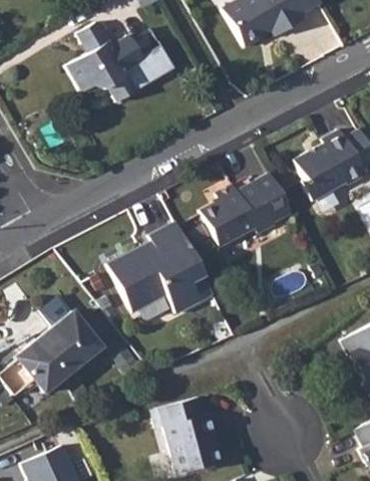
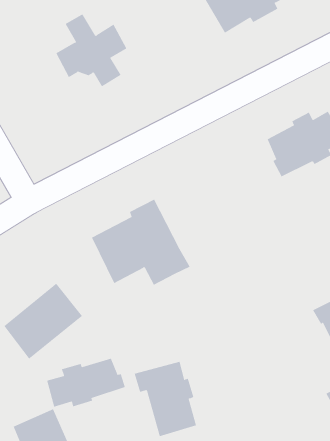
building: [128,47,175,90] -> none
building: [200,173,291,246] -> none
building: none -> [47,358,125,407]

